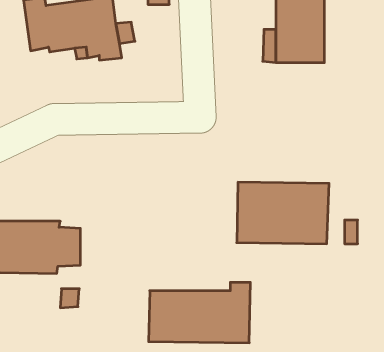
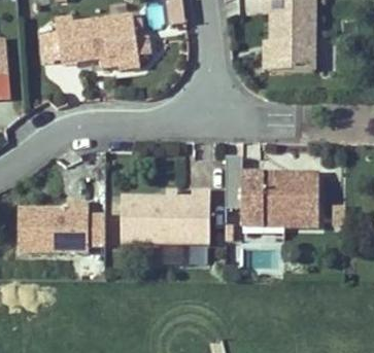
building: [149,282,250,343] -> [122,191,210,244]

